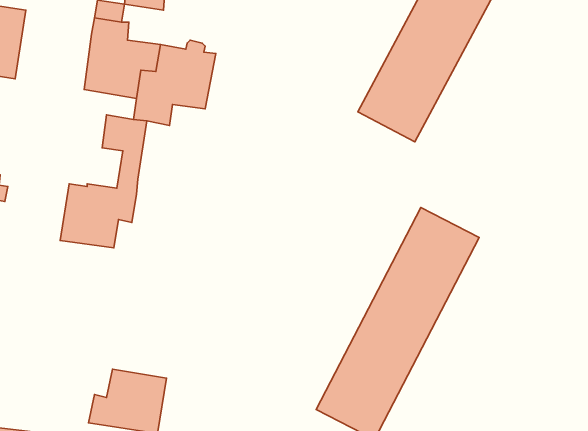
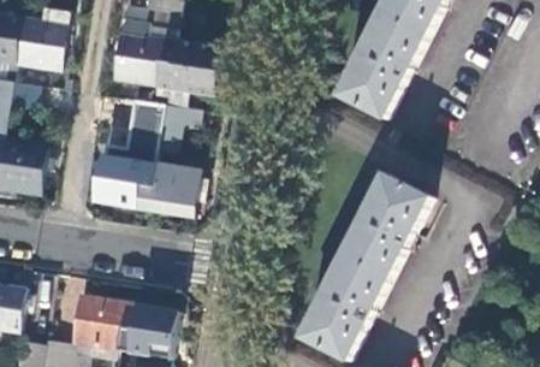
building: none -> [155,105,197,154]
building: none -> [136,164,204,217]
building: none -> [72,296,135,348]

